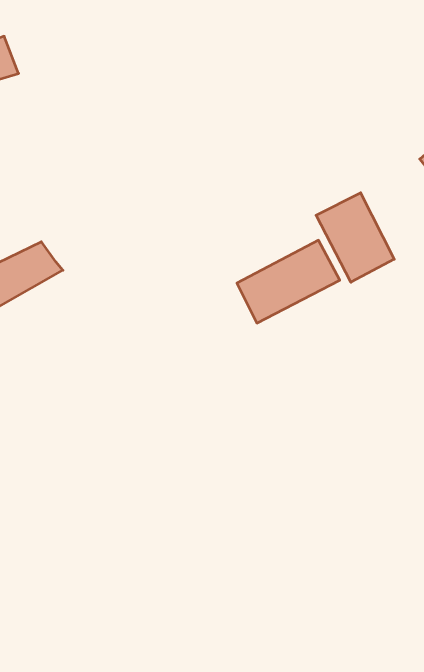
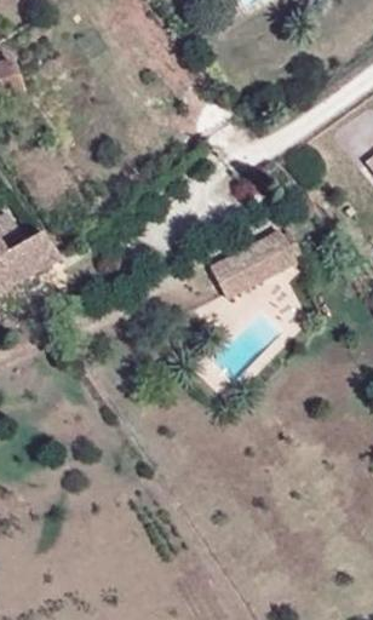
building: [316,193,394,282] -> none

